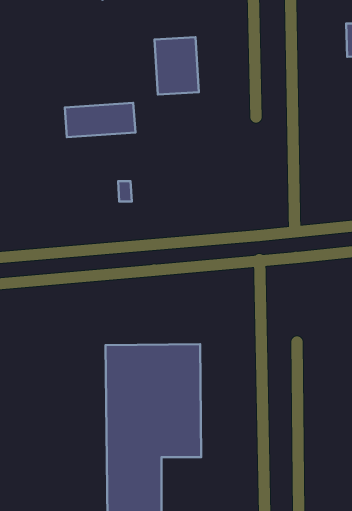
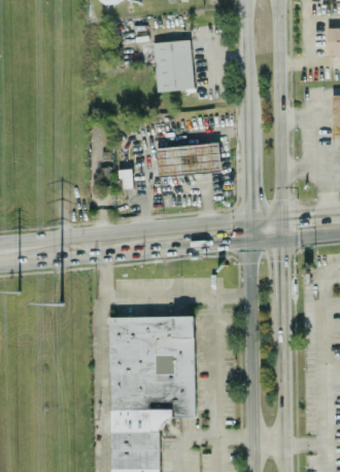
building: [65,103,135,137] -> [158,144,222,175]

